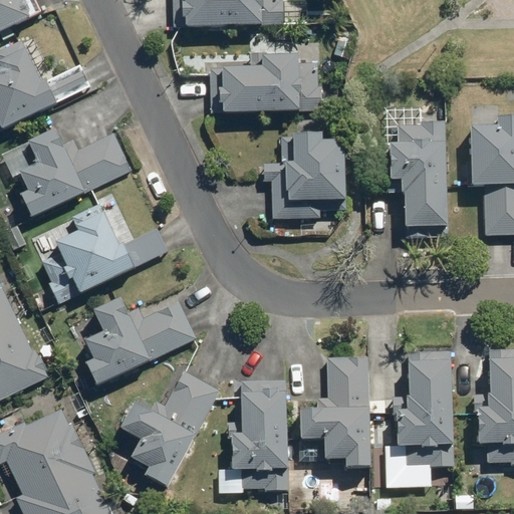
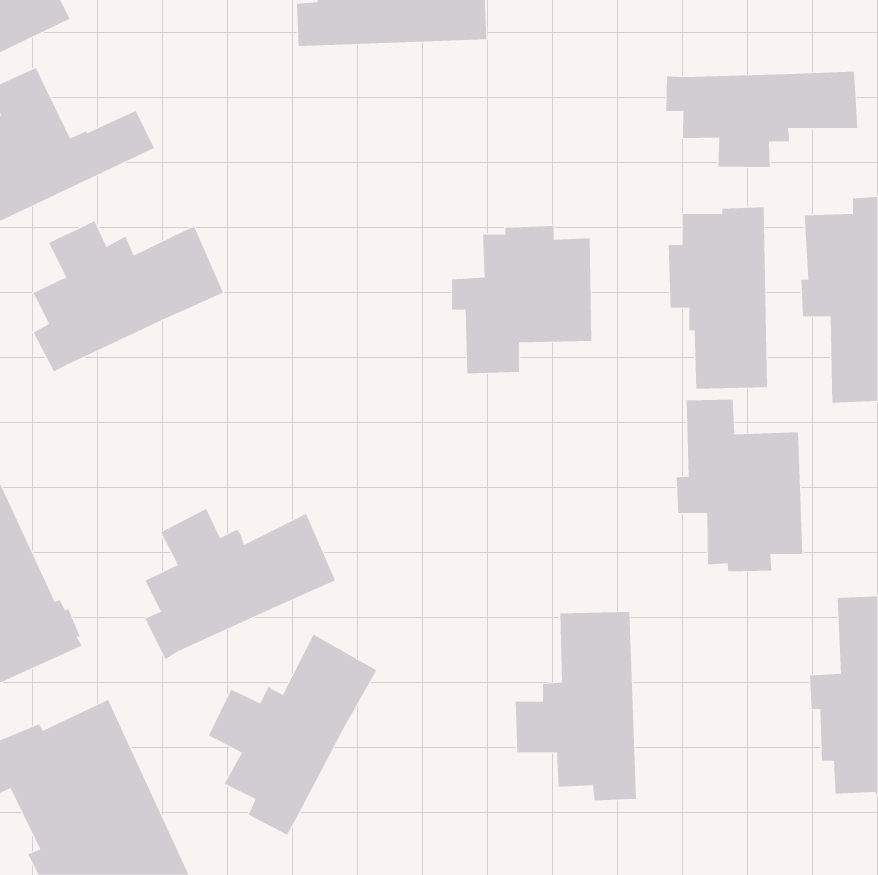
building: none -> [666,71,858,168]
building: [210,51,322,112] -> none
building: [42,203,169,302] -> none
building: none -> [676,399,803,572]
building: [393,350,454,466] -> none
building: [227,378,288,490] -> none

